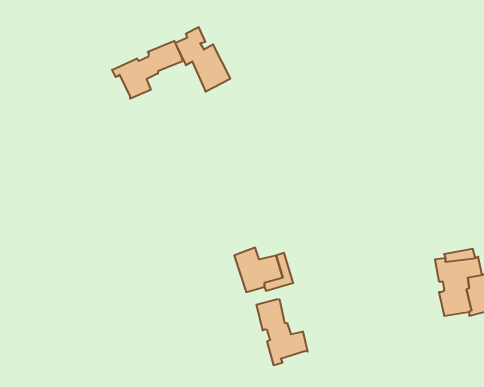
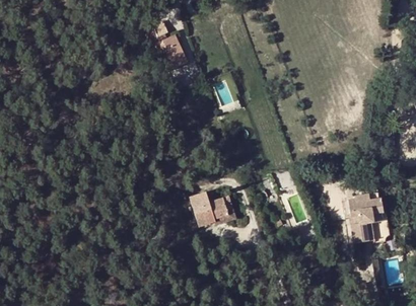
building: [112,41,182,99] -> none
building: [256,299,308,365] -> none

